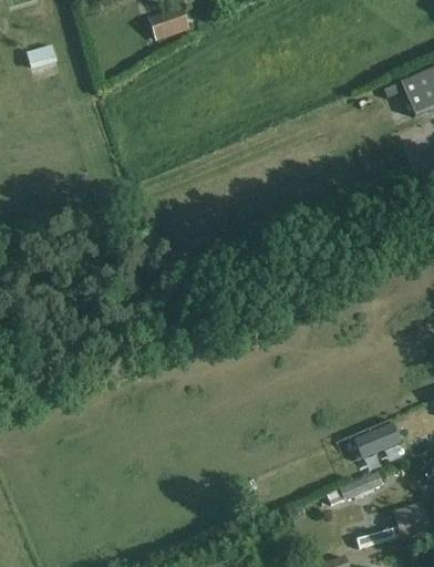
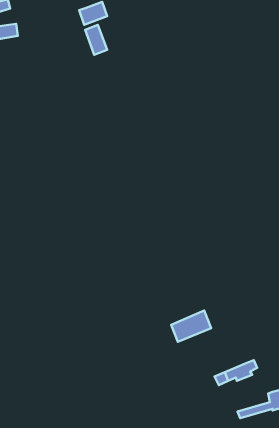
building: none -> [85,25,107,55]
building: [343,421,395,462] -> [171,310,211,342]

